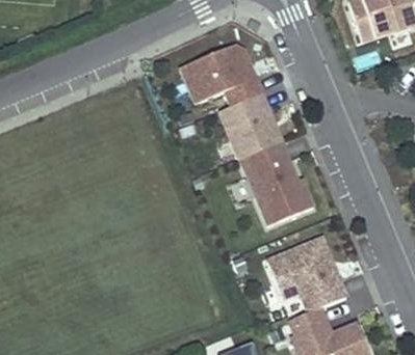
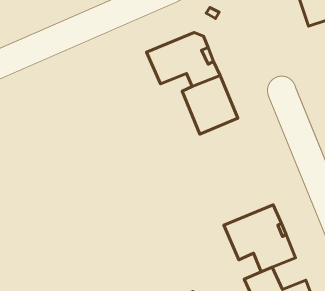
building: [239,141,313,225] -> none

